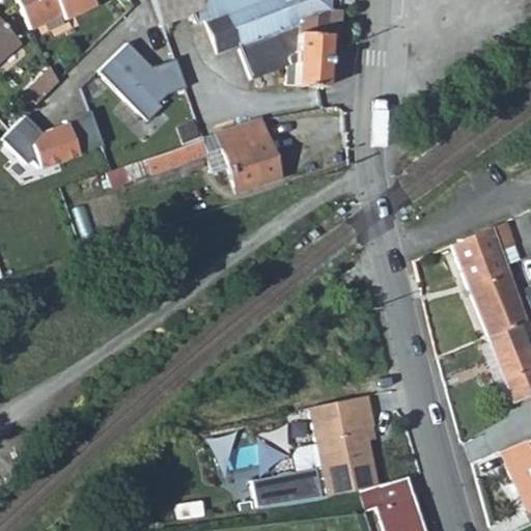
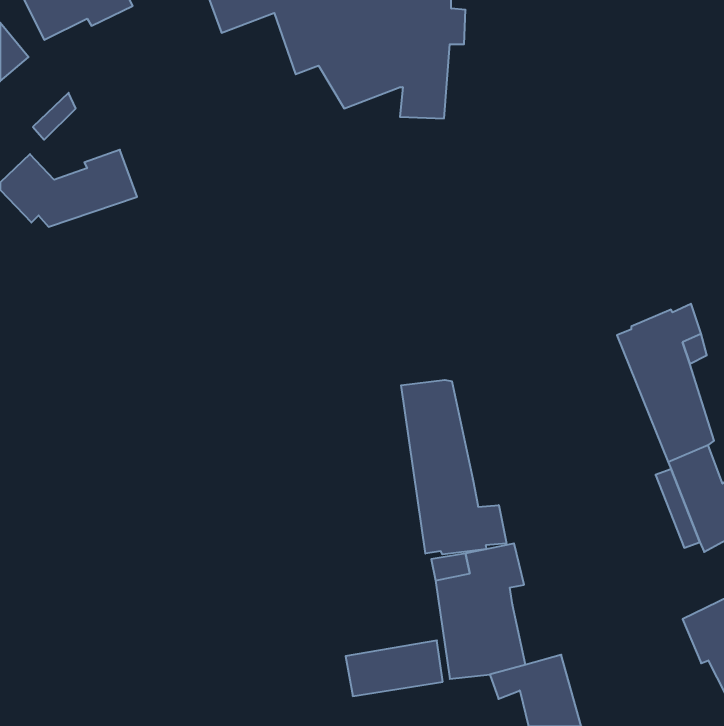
building: [100,41,188,119] -> none
building: [146,117,280,192] -> none
building: none -> [401,380,506,554]

